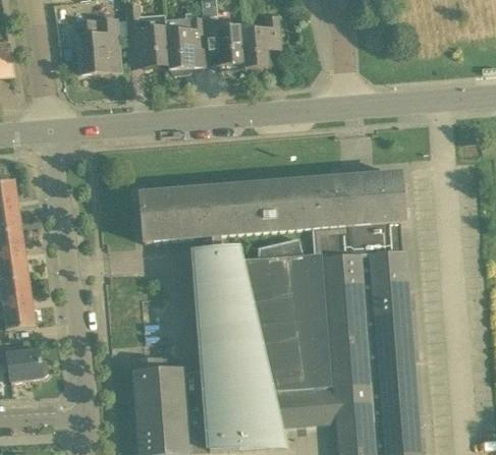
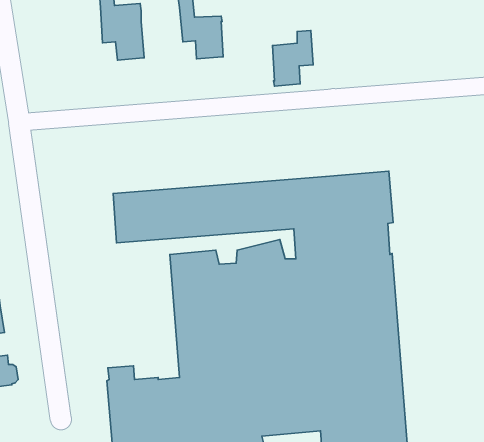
building: [241,15,280,68] -> [272,30,313,86]
building: [165,16,205,69] -> none
building: [76,19,113,70] -> none

